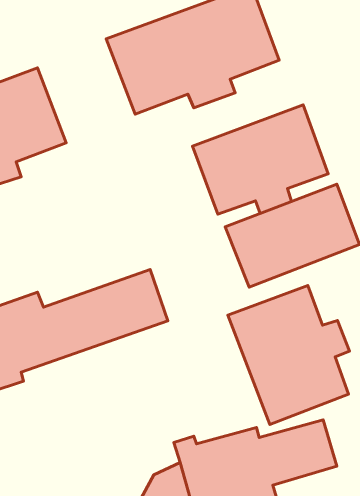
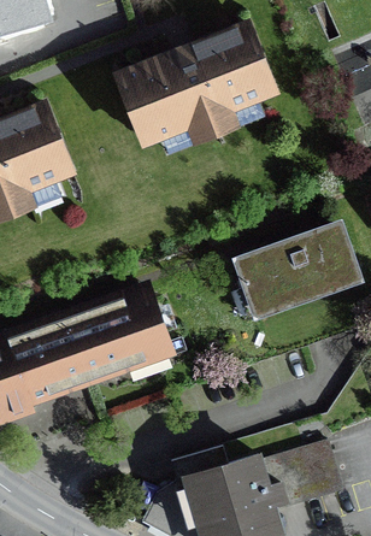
building: [192,105,328,214] -> none
building: [228,285,350,424] -> none

